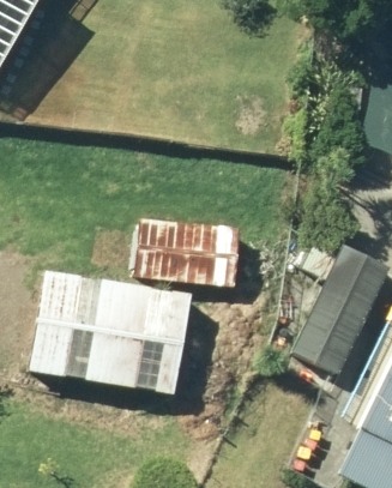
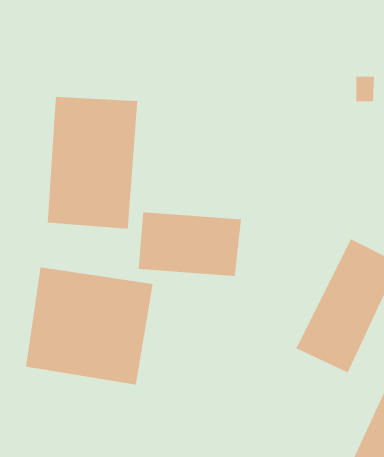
building: none -> [47,96,138,230]

